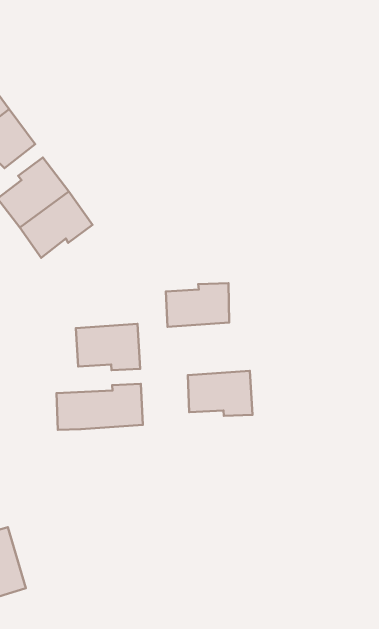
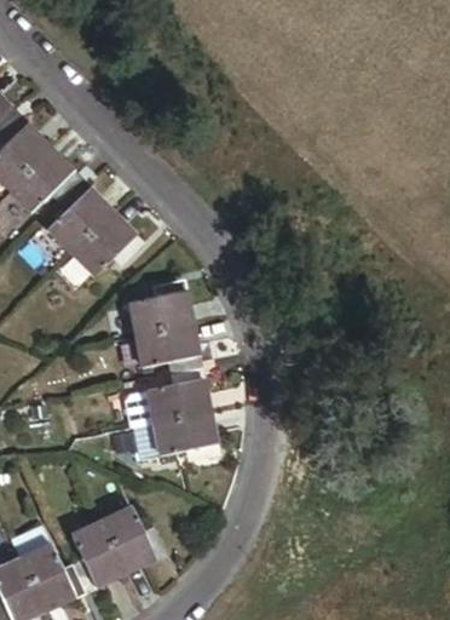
building: [166,283,229,327] -> [129,286,190,333]
building: [188,371,253,416] -> [154,411,217,455]
building: none -> [102,506,158,572]

